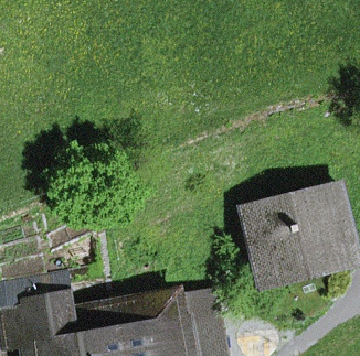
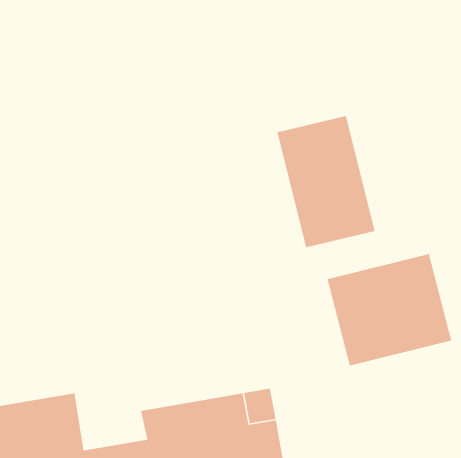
building: none -> [276,115,376,248]

